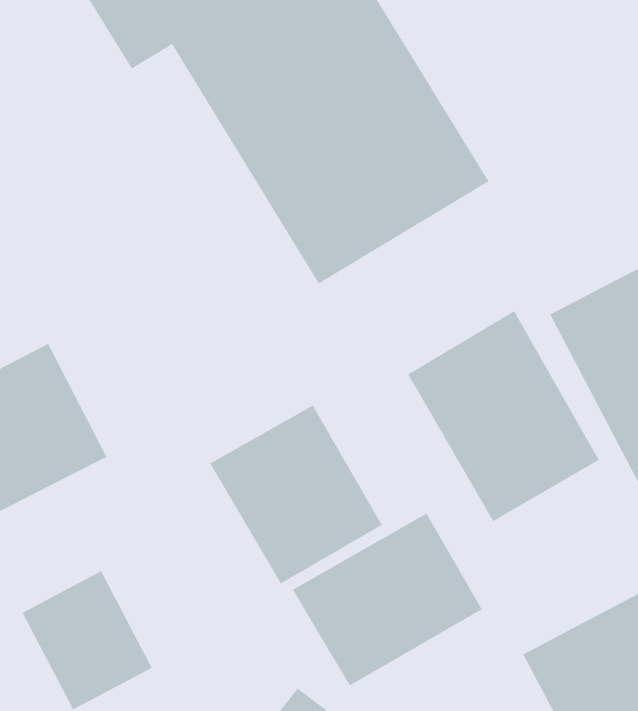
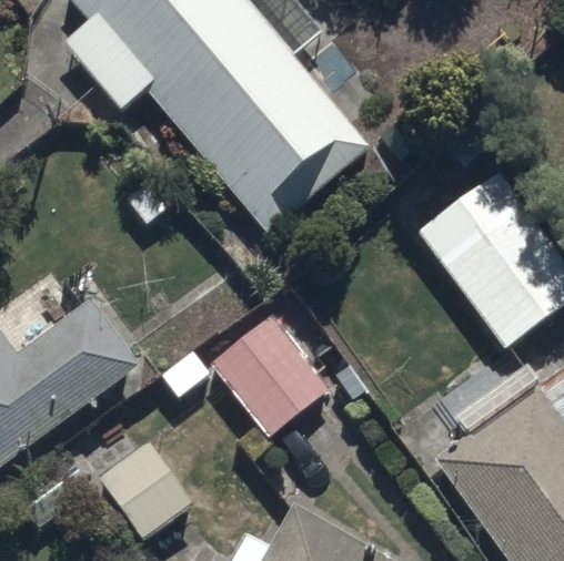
building: [407,310,600,522] -> none
building: [292,513,483,687] -> none

